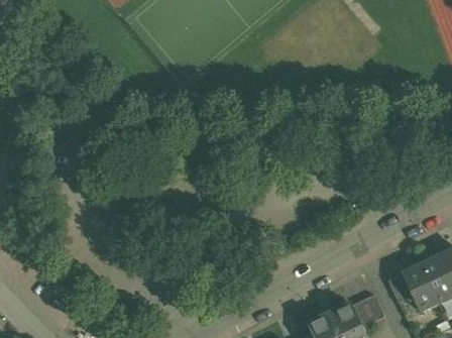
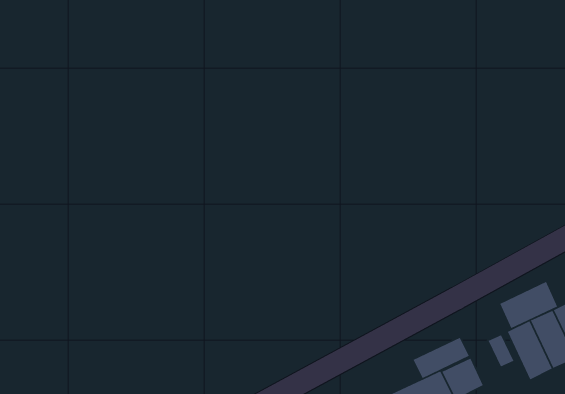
building: none -> [499,281,558,329]
building: none -> [412,337,470,379]

